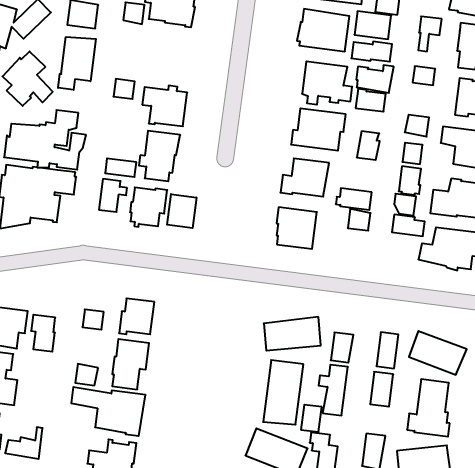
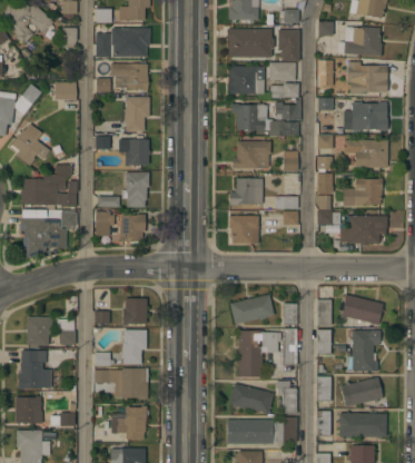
building: none -> [125,97,149,131]
building: [58,37,96,90] -> none
building: [167,194,196,228] -> none

